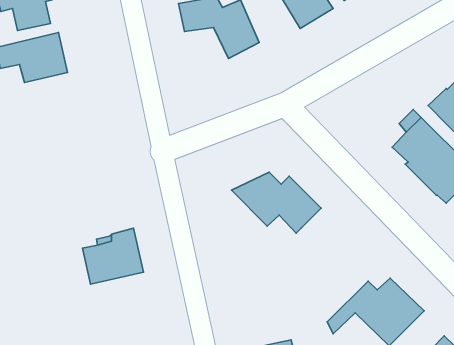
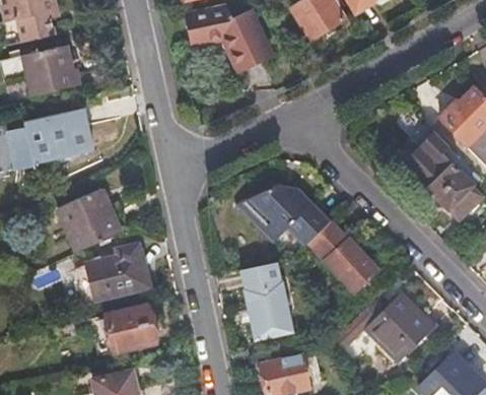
building: none -> [9,109,93,166]
building: none -> [57,190,121,252]
building: none -> [310,222,378,291]
building: none -> [240,263,294,339]
building: none -> [108,305,155,350]

